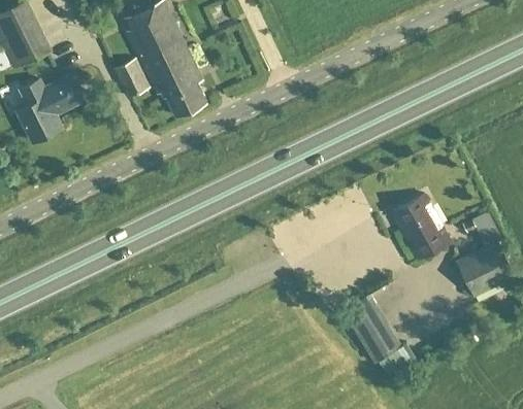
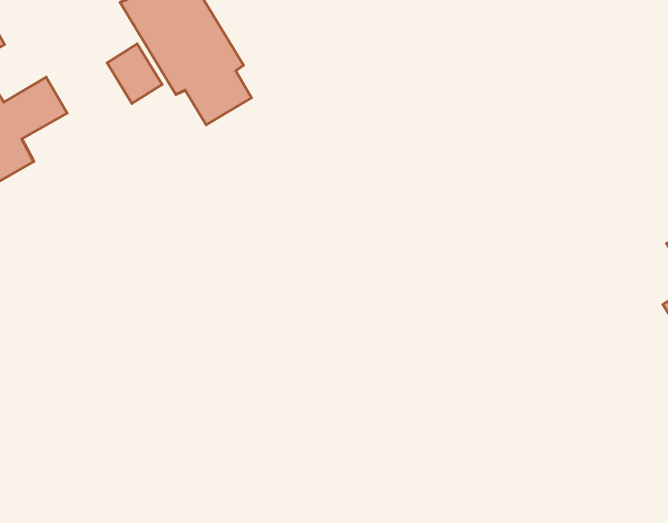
building: [392,195,450,260] -> none
building: [347,297,399,361] -> none

